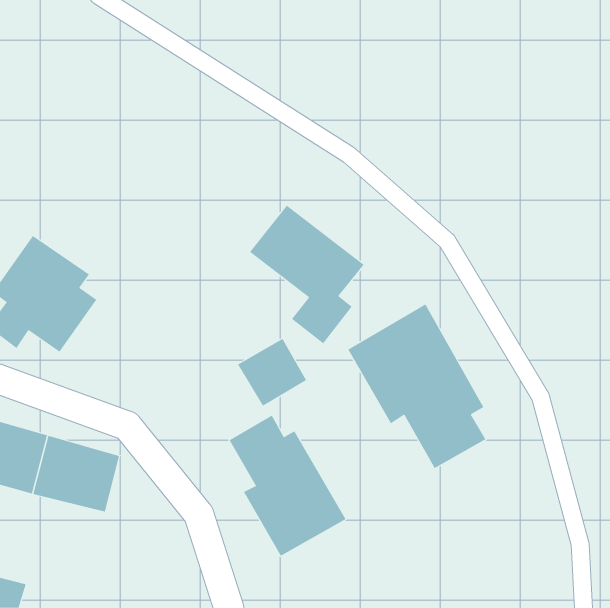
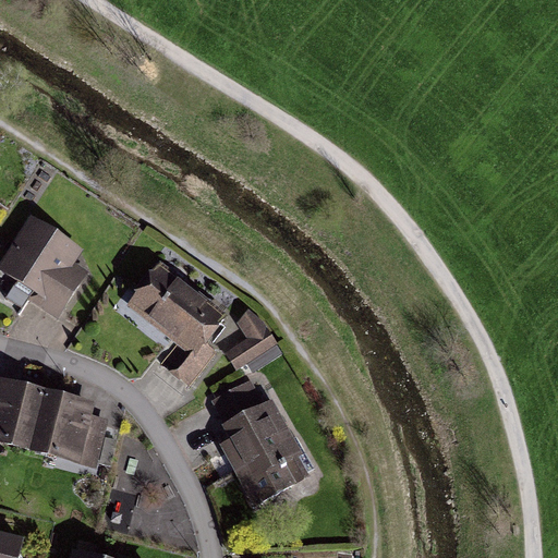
building: [249,205,364,344] -> [123,258,228,385]
building: [348,304,486,469] -> none

